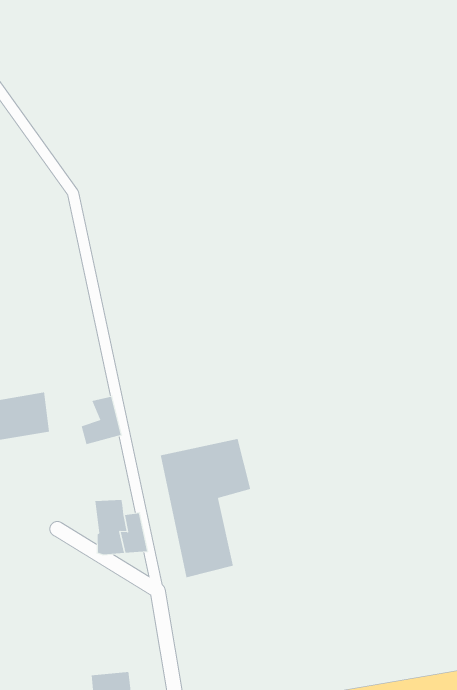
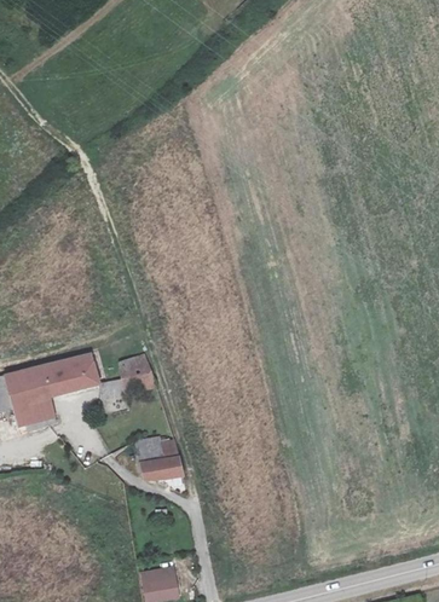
building: [160,438,251,578] -> none

